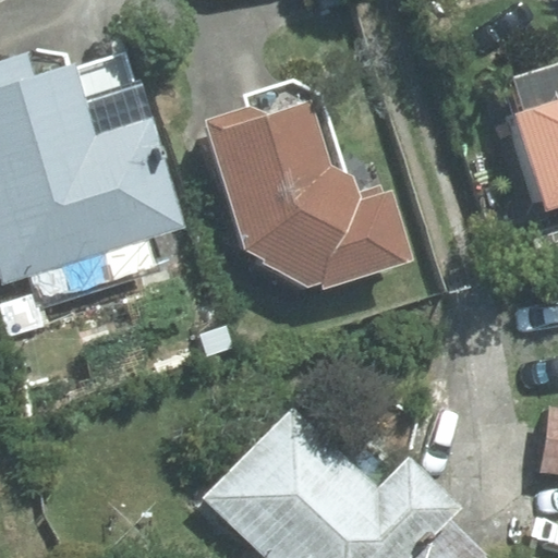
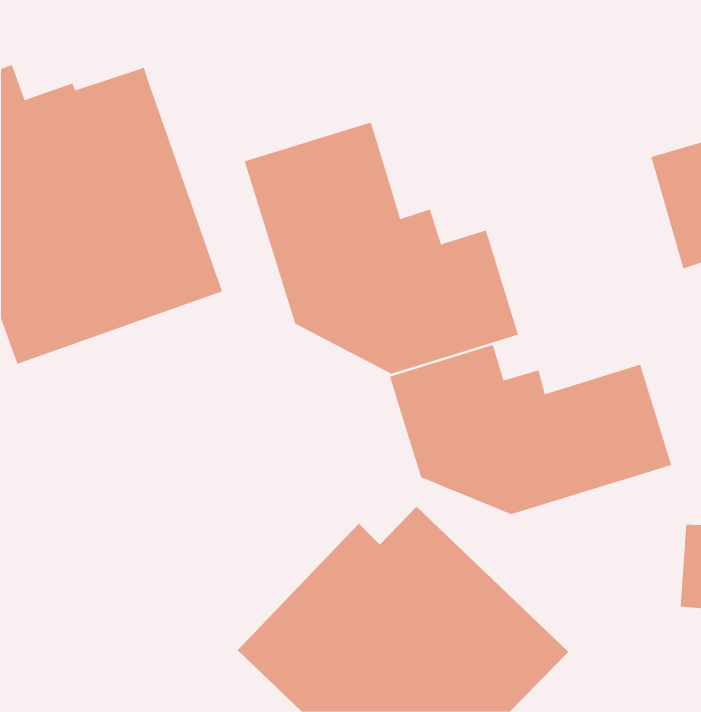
building: none -> [389,344,672,515]

